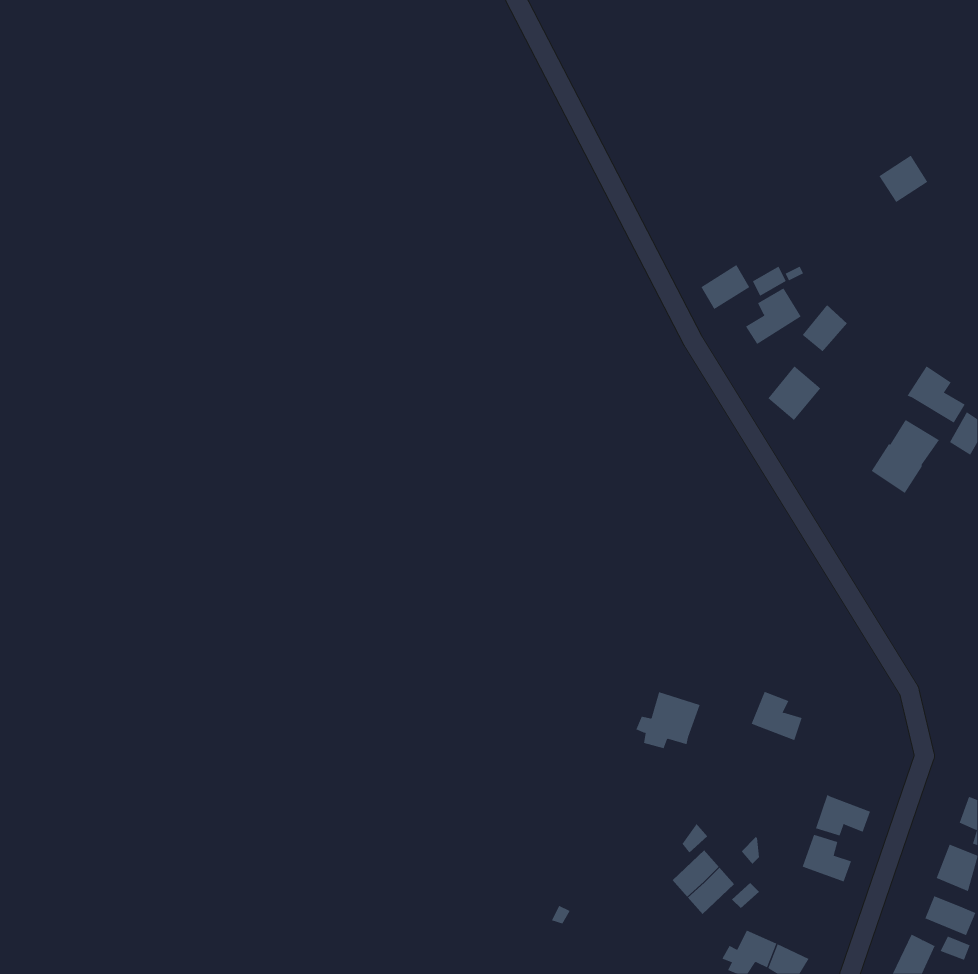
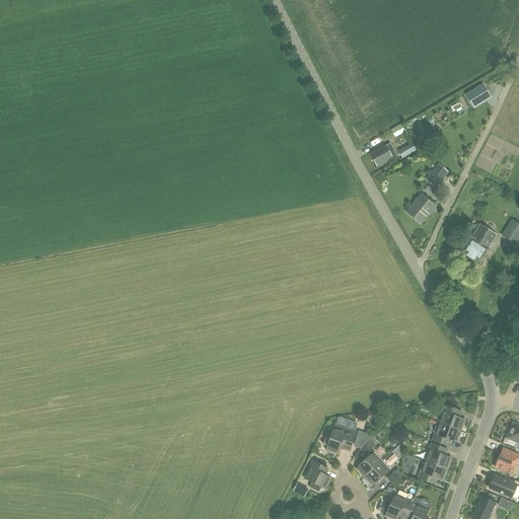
building: [745,288,802,345] -> none
building: [907,365,965,423] -> none
building: [751,691,803,741] -> [438,403,465,430]
building: [635,691,700,749] -> [322,422,357,452]
building: none -> [304,459,330,490]
building: none -> [418,459,447,481]

